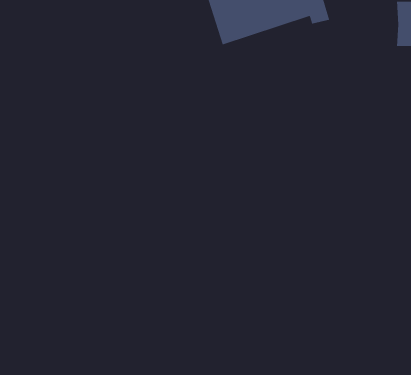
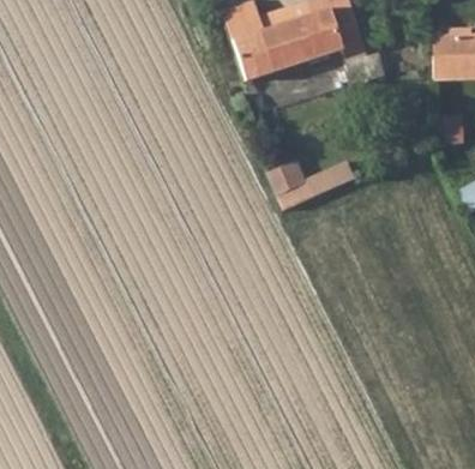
building: none -> [271,155,360,203]

